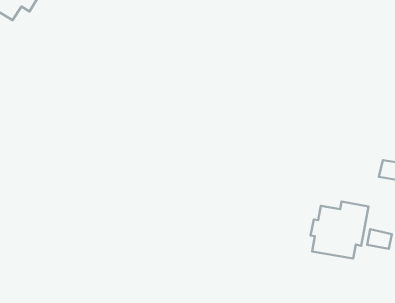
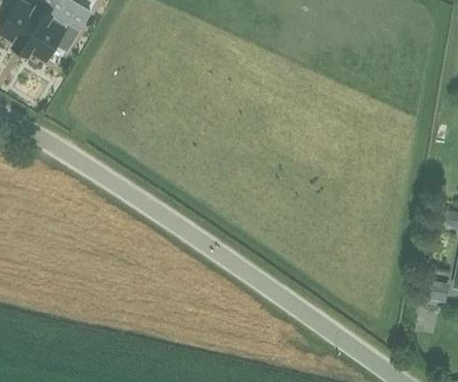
building: [311,201,368,259] -> none

